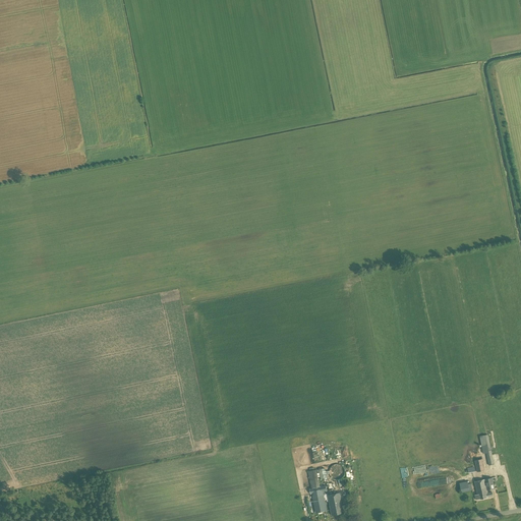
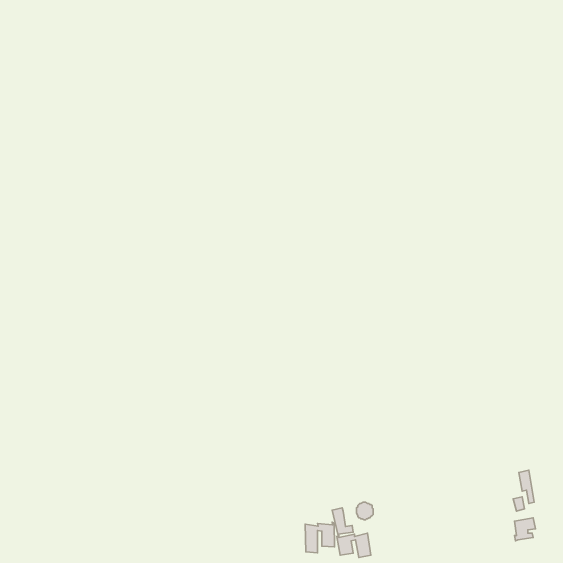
building: none -> [305,522,334,553]

